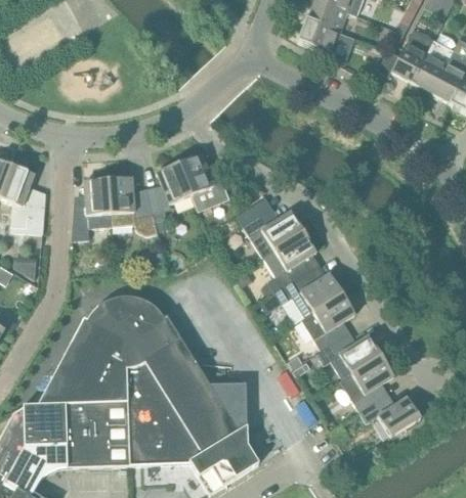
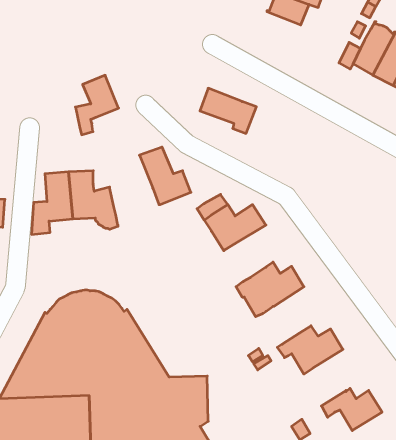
building: [298,18,354,63] -> [200,88,256,133]
building: [150,162,193,221] -> [75,75,119,135]
building: [264,231,317,292] -> none
building: [302,292,355,350] -> none
building: [341,355,394,411] -> none

